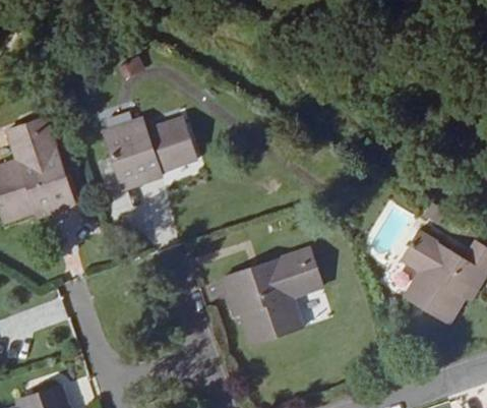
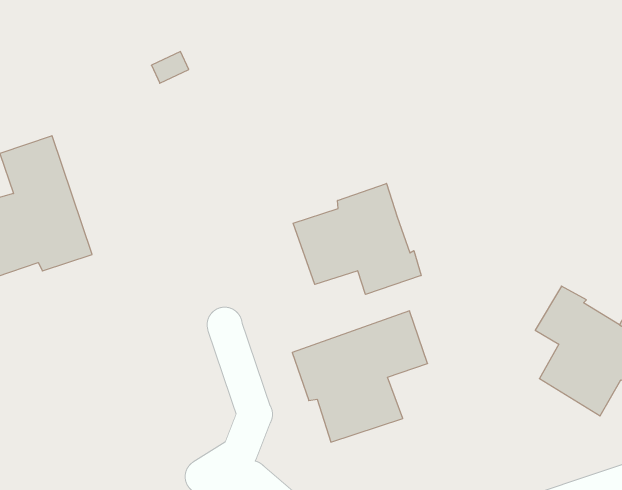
building: [102,117,199,190] -> none
building: none -> [293,183,421,294]

